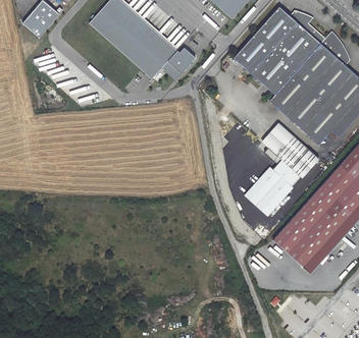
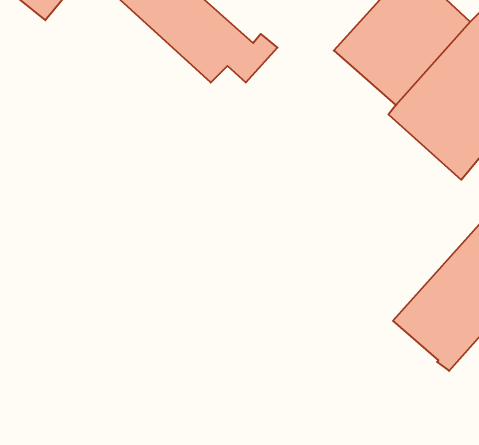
building: [263,122,319,176] -> none
building: [246,166,294,215] -> none

